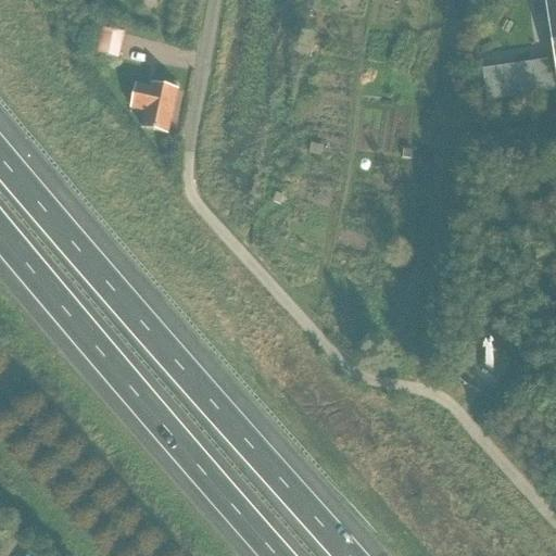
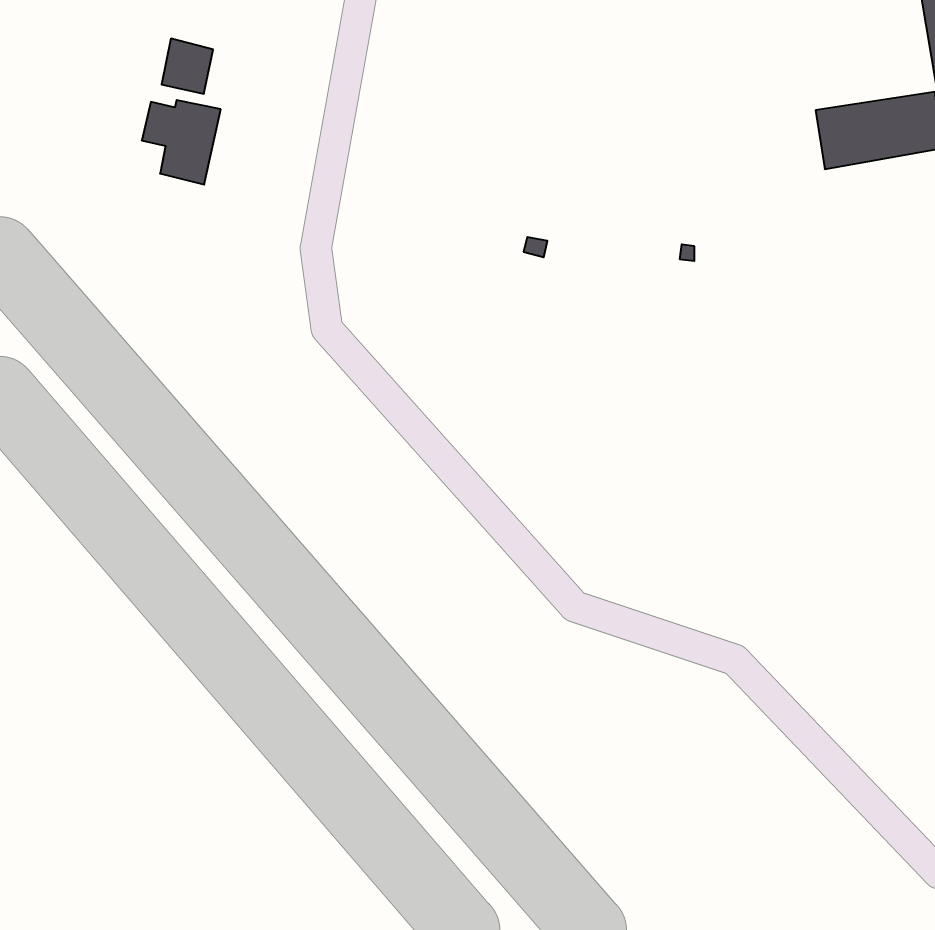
building: [134,79,180,129] -> [142,100,221,185]

